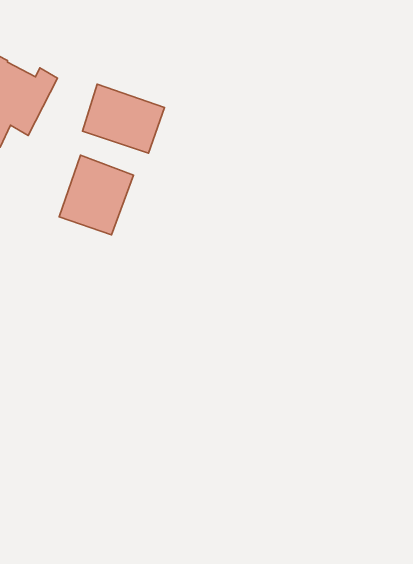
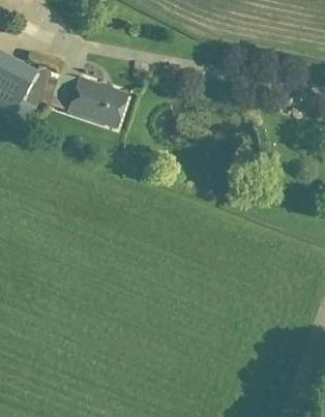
building: [59,155,133,235] -> none

